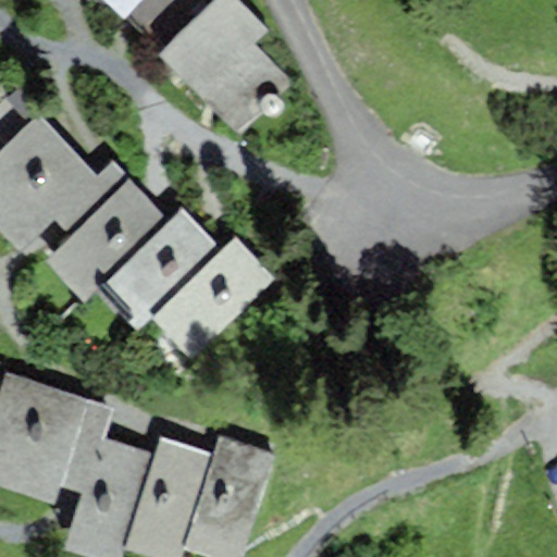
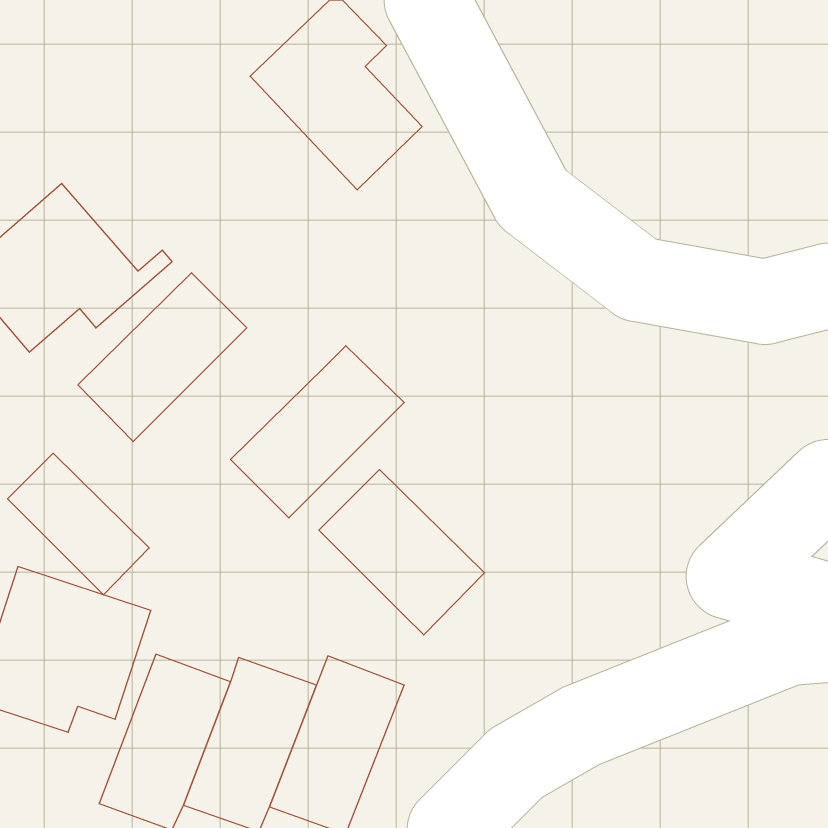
building: [103,209,218,322] -> none
building: none -> [8,453,149,595]
building: none -> [319,470,485,635]

